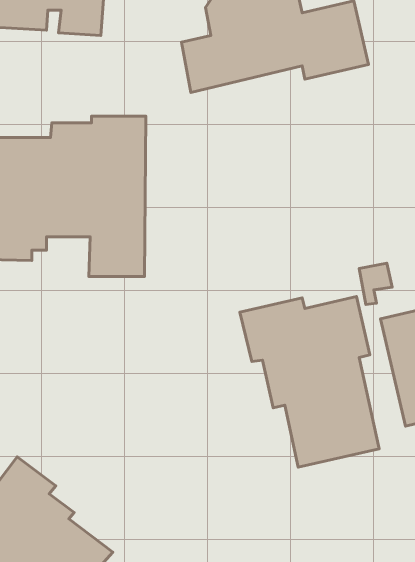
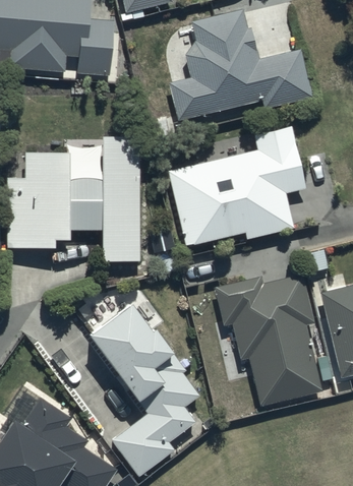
building: none -> [168,126,307,247]
building: none -> [83,304,197,476]

